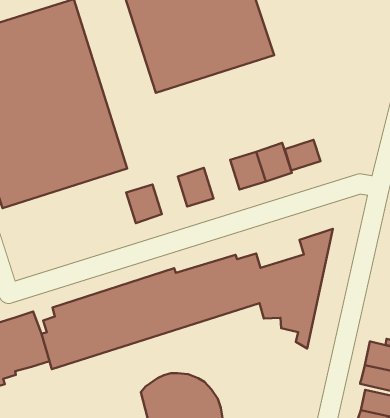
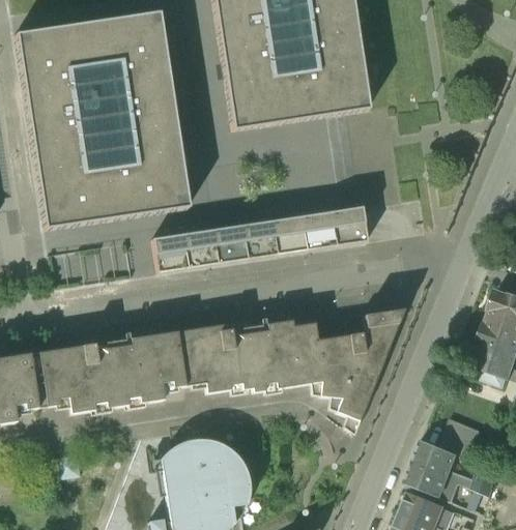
building: [285,140,321,170] -> none
building: none -> [275,214,310,254]
building: none -> [216,224,250,262]
building: none -> [155,232,191,271]

